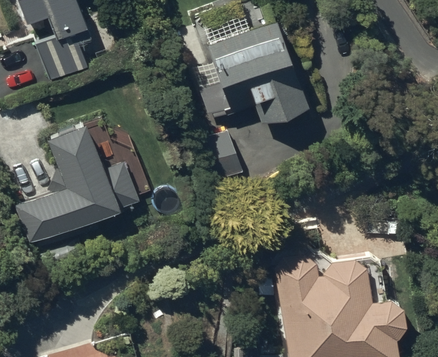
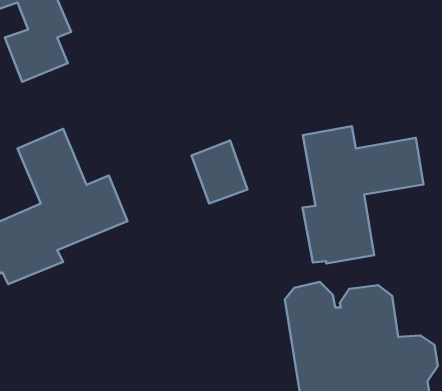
building: [200,22,308,123] -> none
building: none -> [302,126,423,264]

